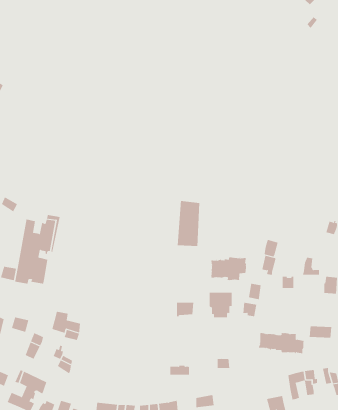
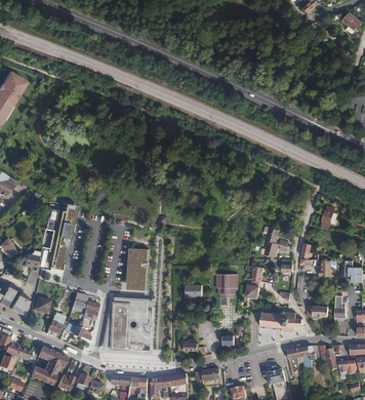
building: [177,201,200,247] -> [127,247,149,289]
building: [211,254,247,282] -> none
building: none -> [106,297,150,347]

